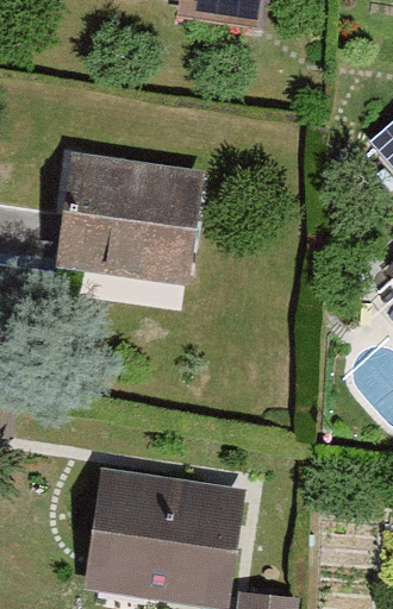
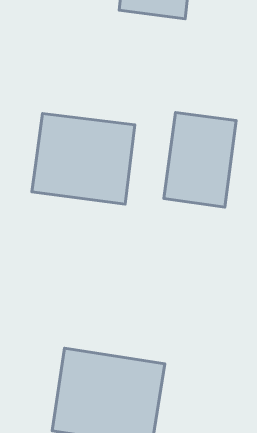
building: none -> [164,113,236,207]

